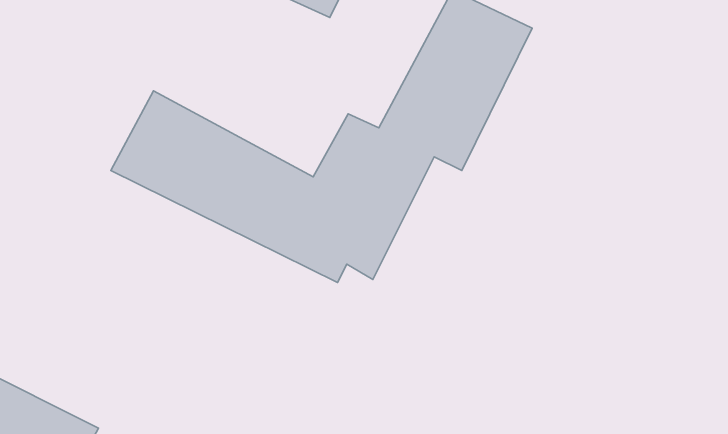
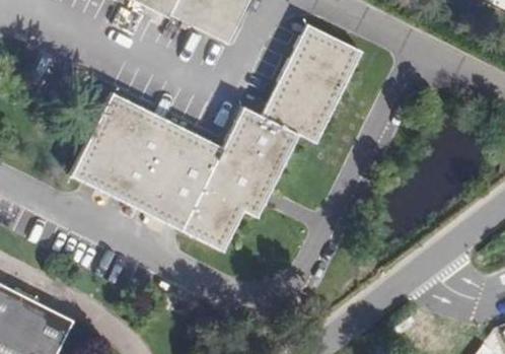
building: none -> [67,146,233,253]

